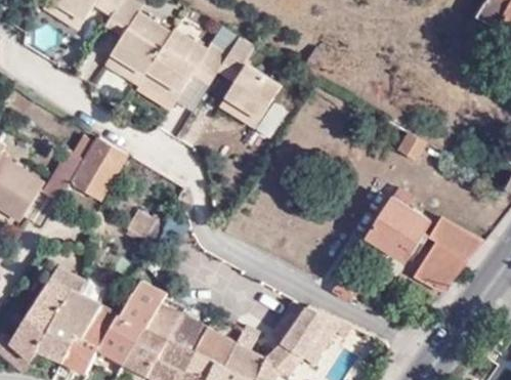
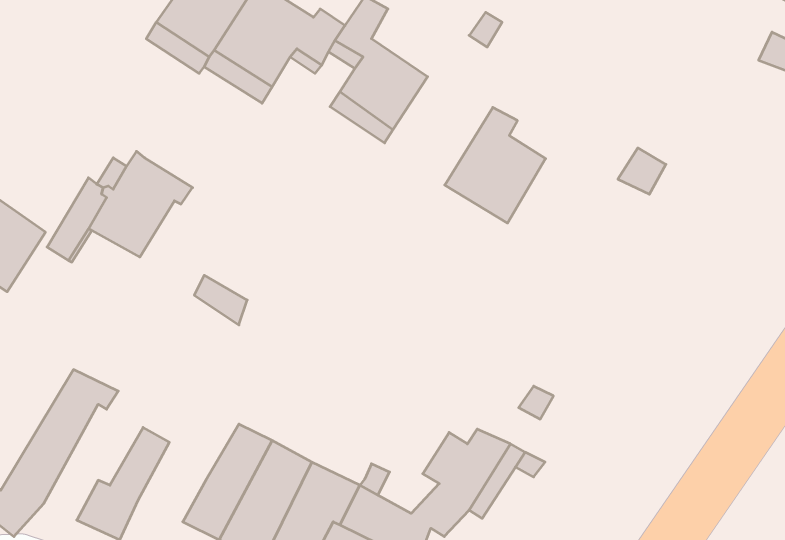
building: [367,189,429,261] -> [445,107,546,223]
building: [414,219,482,292] -> none
building: [98,279,167,363] -> none
building: [40,290,101,362] -> none

